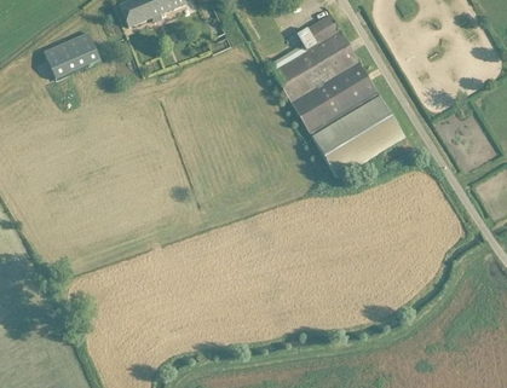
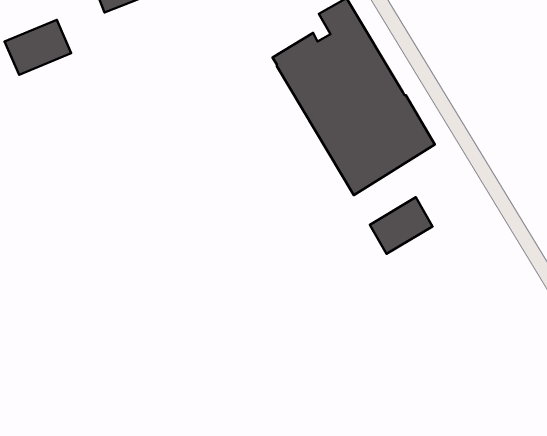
building: none -> [370,197,433,254]

